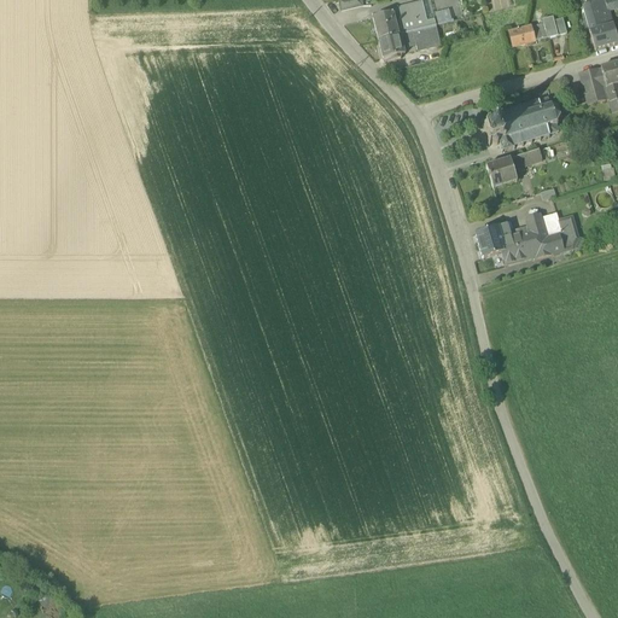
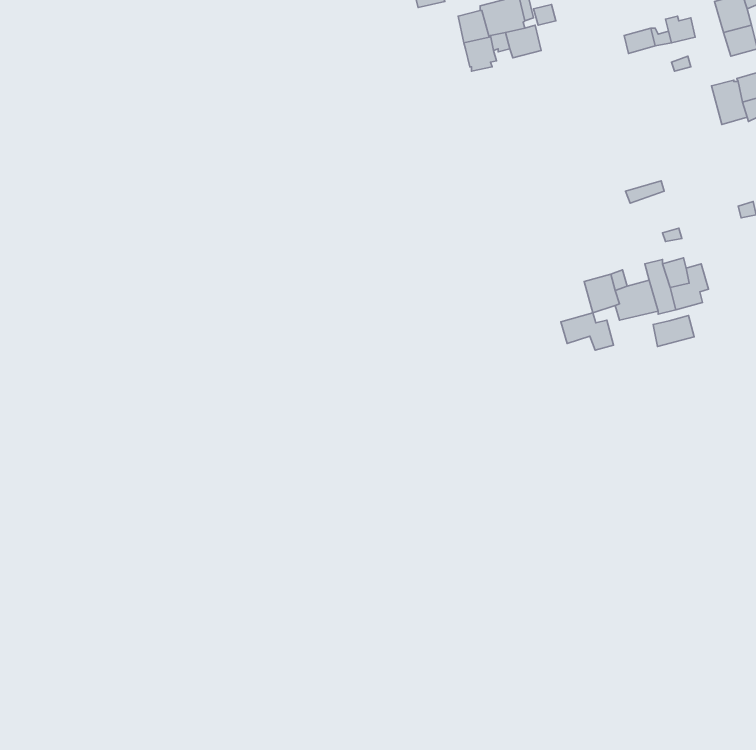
building: [484,95,562,148] -> none
building: [486,156,518,185] -> none
building: none -> [561,313,613,350]
building: none -> [653,315,694,347]

